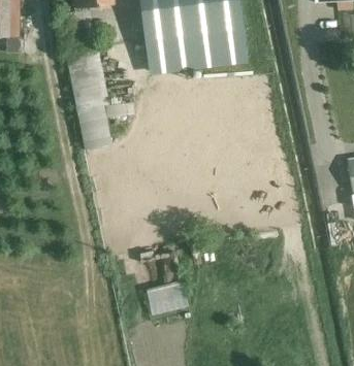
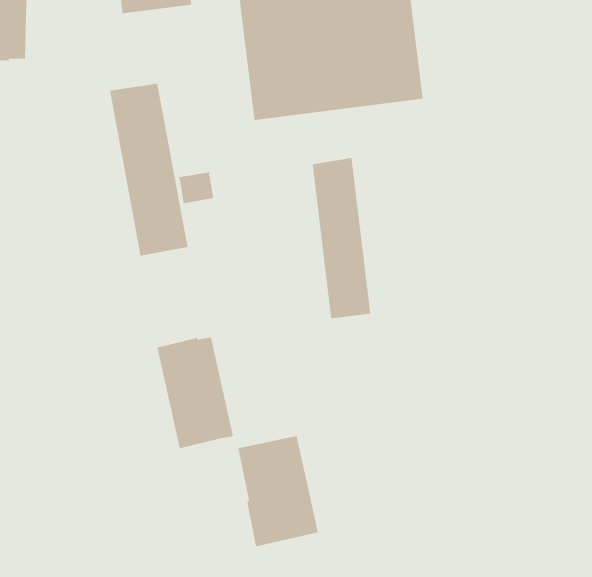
building: none -> [312,157,371,319]
building: none -> [157,336,234,449]

